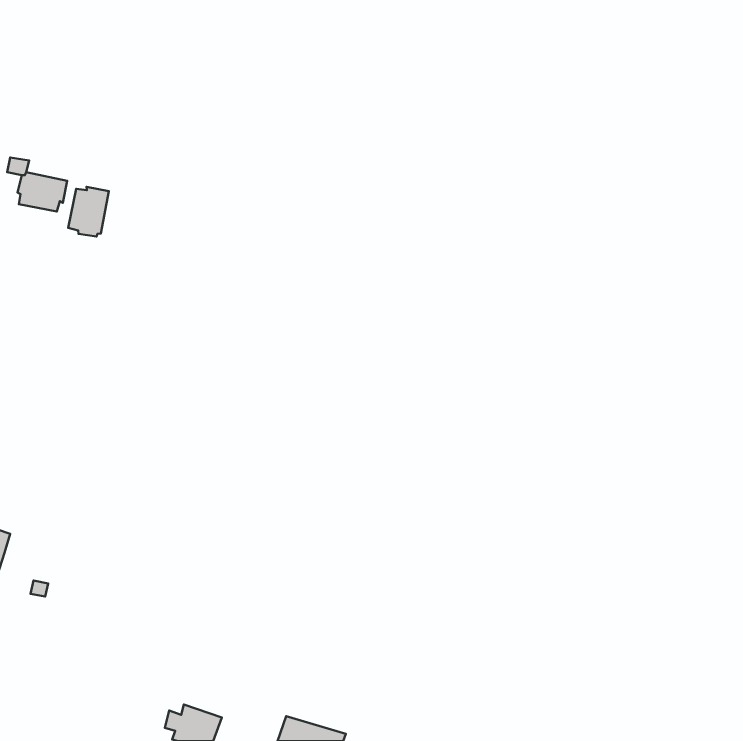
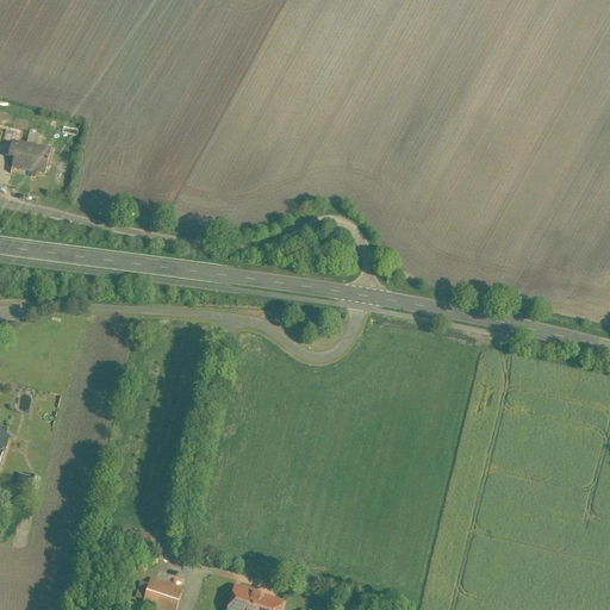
building: [68,187,109,237] -> none

